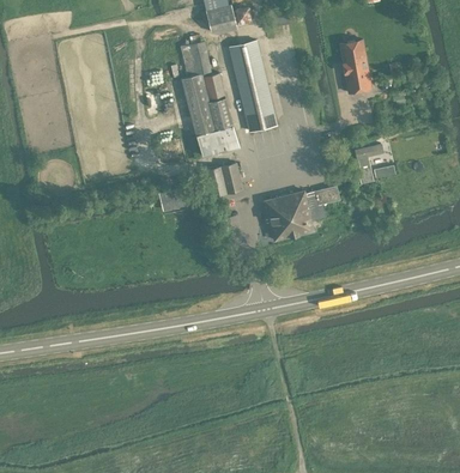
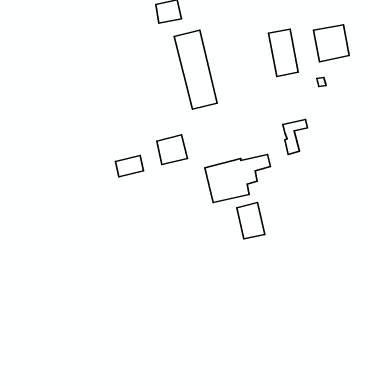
building: none -> [313,25,349,62]
building: [180,34,240,156] -> none
building: none -> [237,202,265,239]

